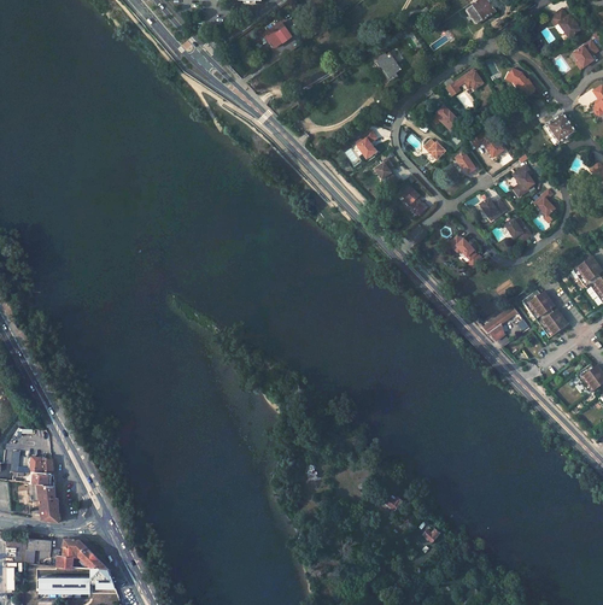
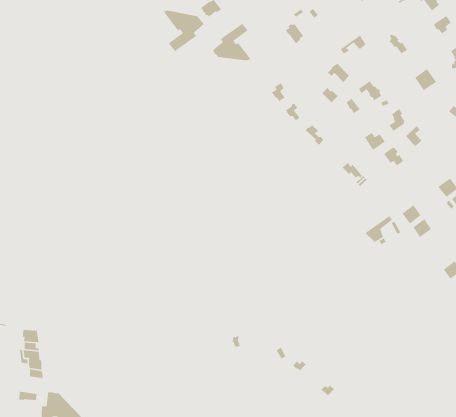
building: none -> [162,10,205,52]
building: none -> [212,23,252,61]

